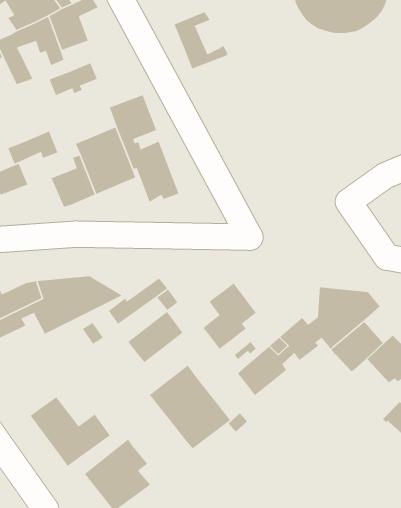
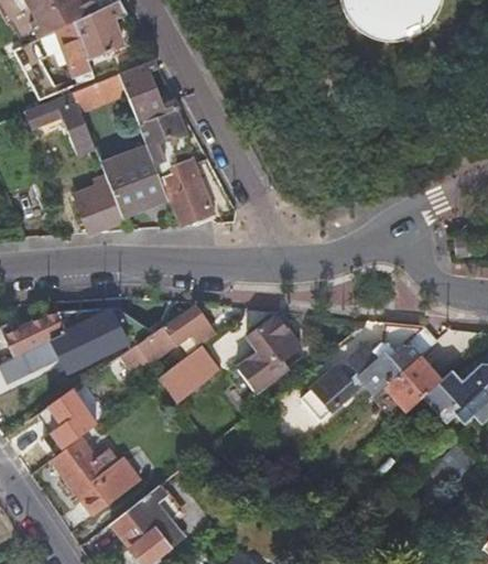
building: [174,11,229,69] -> [118,58,178,122]
building: [7,131,58,165] -> [25,91,82,129]
building: none -> [39,390,99,447]
building: [149,365,231,449] -> none

